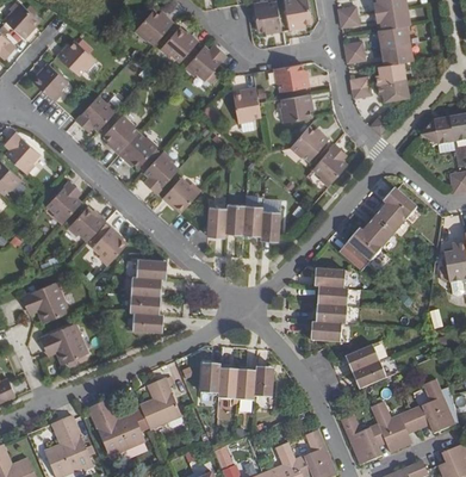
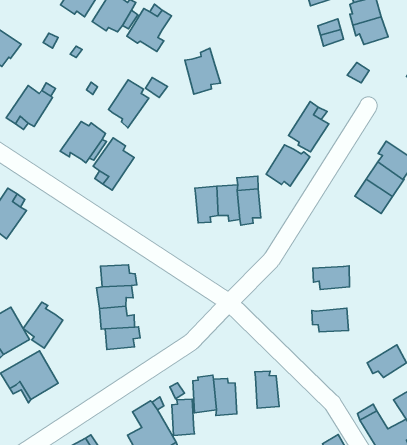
building: [273,63,310,92] -> none
building: [280,93,312,124] -> none
building: [102,114,138,155] -> [108,80,149,128]
building: [290,125,329,161] -> [266,145,310,186]
building: [162,178,200,212] -> none
building: [67,206,106,241] -> none
building: [207,206,226,237] -> none
building: [92,225,126,265] -> [23,302,63,348]
building: [347,229,381,261] -> none
building: [313,267,344,287] -> none
building: [315,304,346,323] -> none
building: [347,343,379,372] -> none
building: [235,370,255,401] -> [172,399,194,436]

